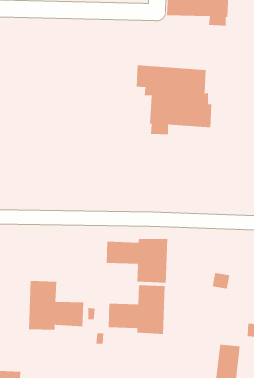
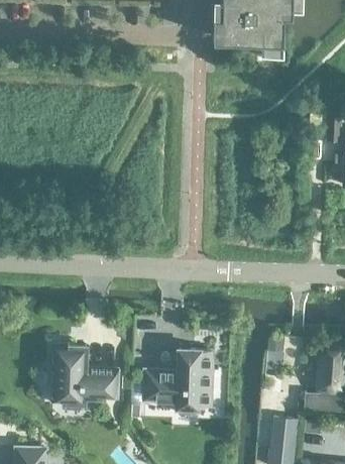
building: [136,65,212,135] -> none
building: [106,238,168,283] -> none

